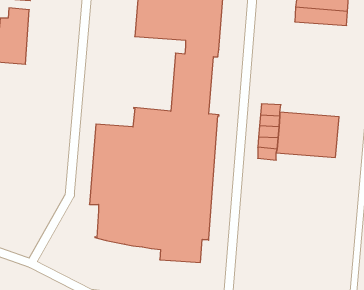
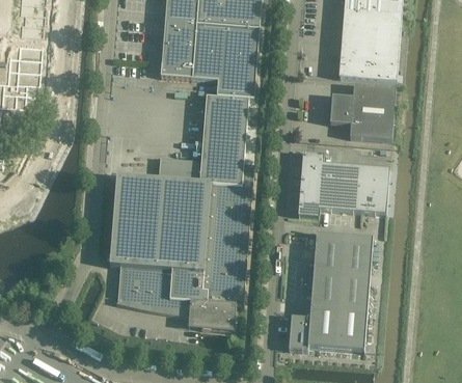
building: none -> [338,60,398,82]
building: none -> [329,85,396,140]
building: none -> [288,231,373,352]

